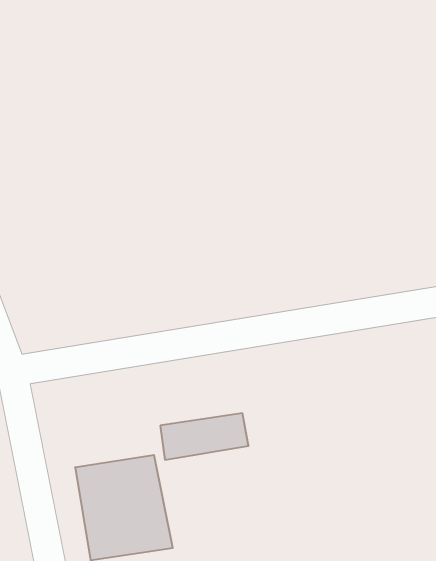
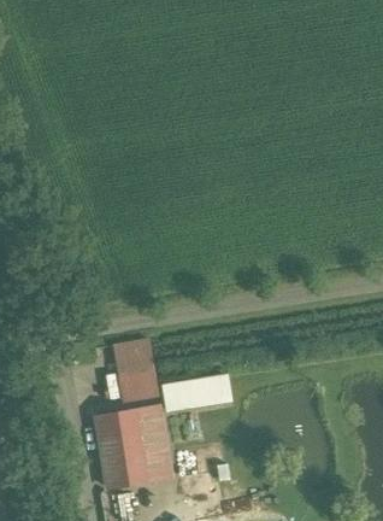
building: none -> [112,340,154,400]

